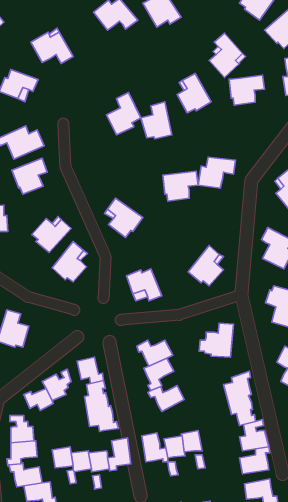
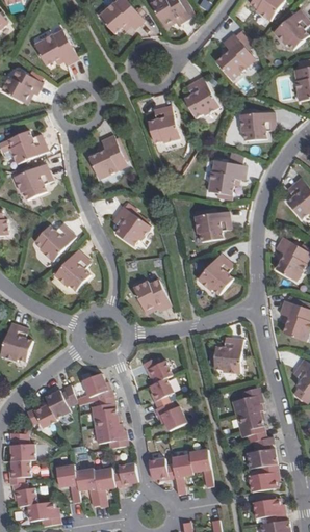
building: [229,75,264,105] -> [239,112,276,143]
building: [107,93,141,135] -> [88,135,124,179]
building: [163,171,198,201] -> [195,212,231,243]

